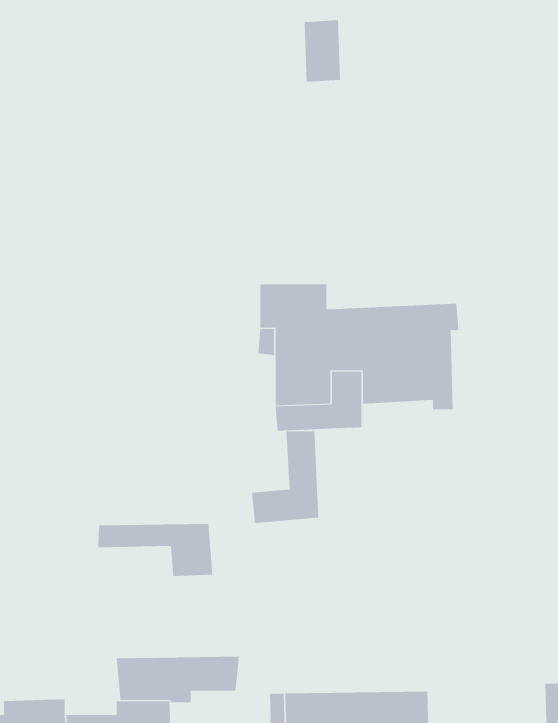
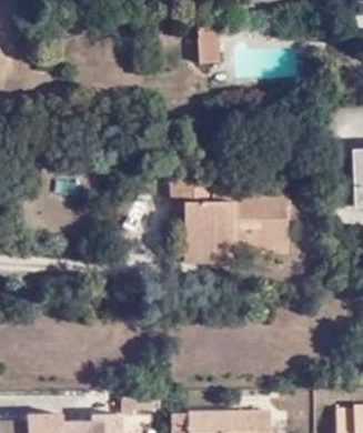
building: [252,430,319,524] -> none
building: [98,523,213,577] -> none

